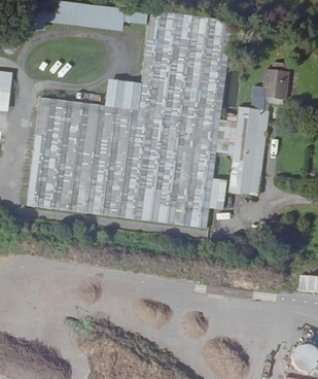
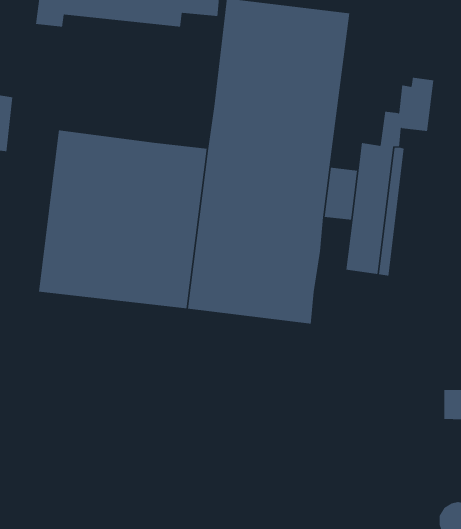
building: [103,79,142,111] -> none
building: [209,179,226,208] -> none

